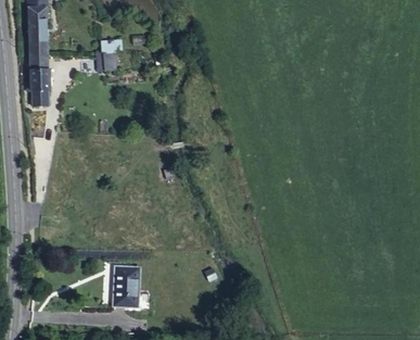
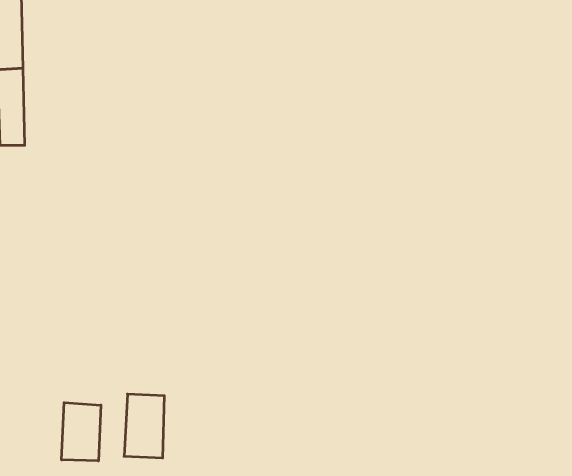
building: [102,39,122,70] -> none
building: none -> [62,403,101,461]

